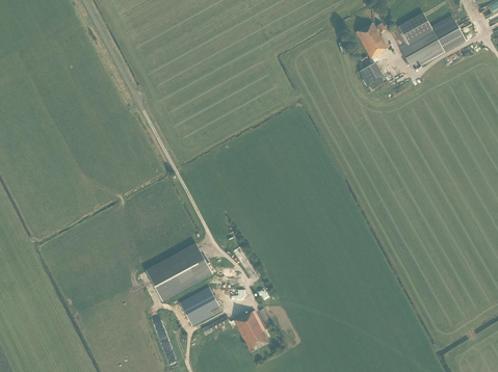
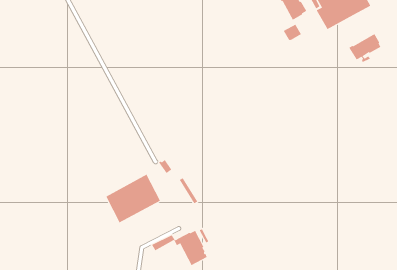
building: none -> [349,33,381,63]
building: [180,287,221,326] -> none

